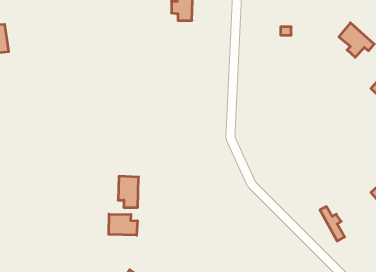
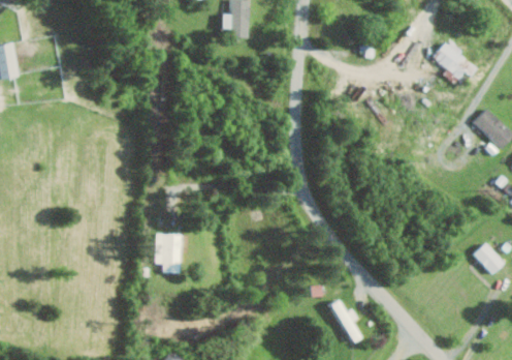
building: [320,207,345,241] -> [330,300,361,343]
building: [109,214,137,235] -> none

